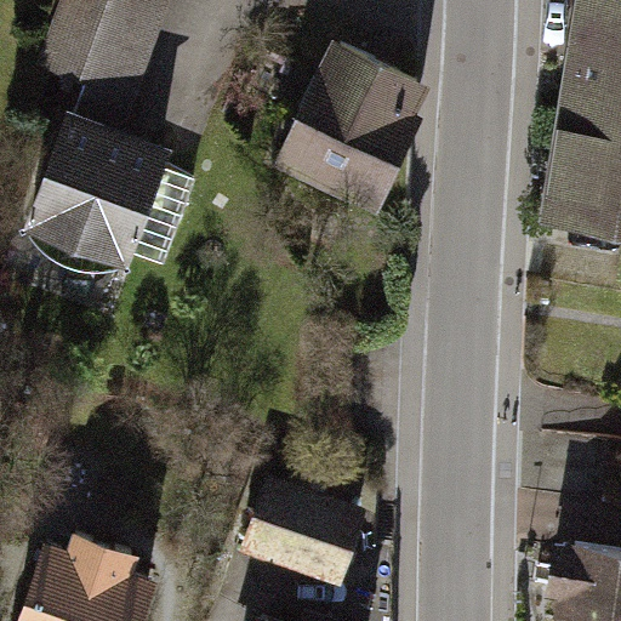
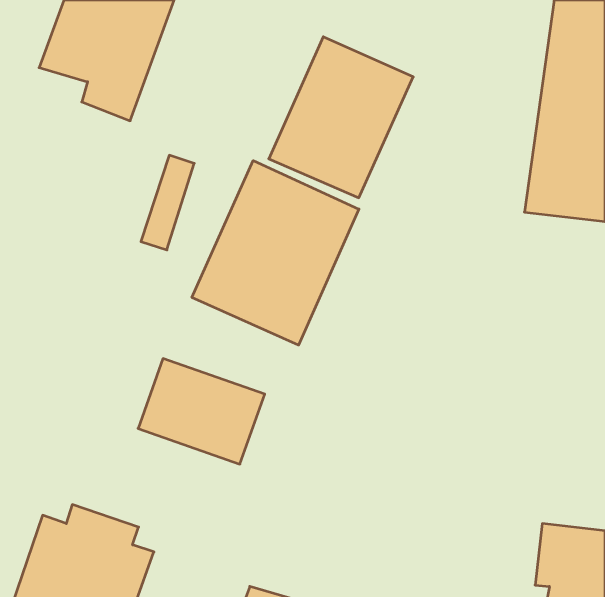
building: [24,107,178,268] -> none
building: none -> [192,161,359,345]
building: [243,478,372,586] -> [138,359,265,464]

